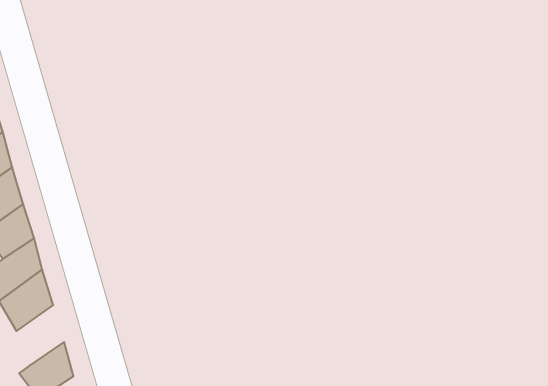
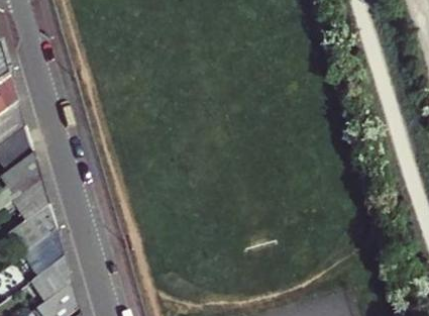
building: none -> [30,257,70,299]

